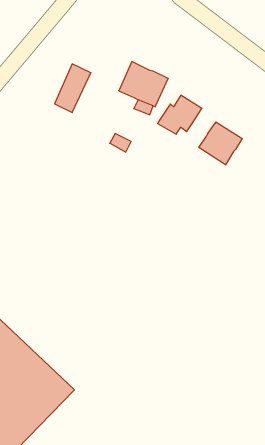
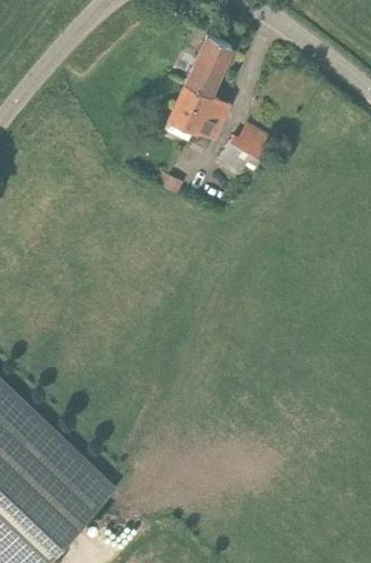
building: [55,64,91,113] -> [185,33,230,93]
building: [199,122,242,165] -> none

